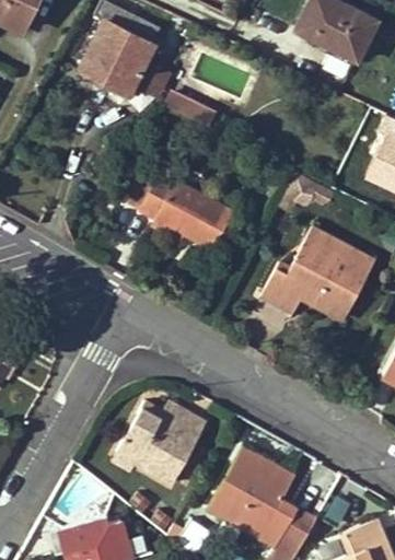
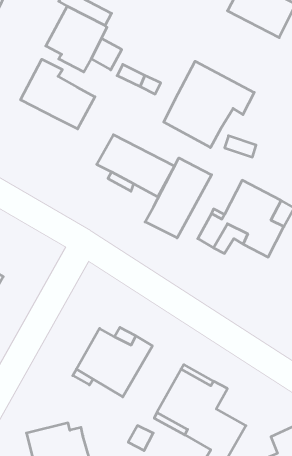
building: none -> [21,59,95,129]
building: none -> [164,61,254,148]
building: none -> [145,158,212,238]

